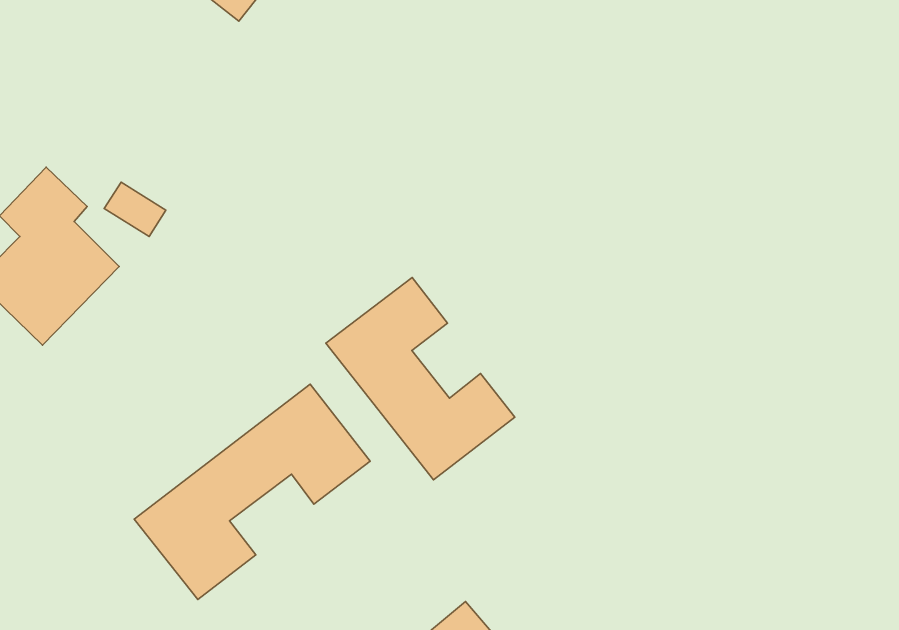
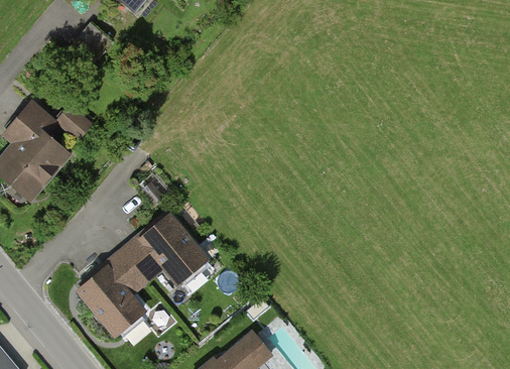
building: [326,278,515,480] -> none

